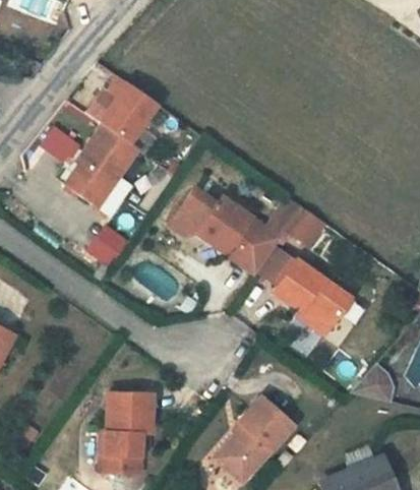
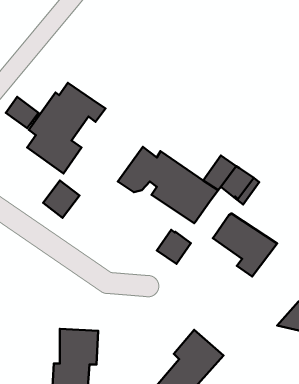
building: [89,78,159,132] -> none
building: [259,249,298,288] -> [157,230,191,264]

